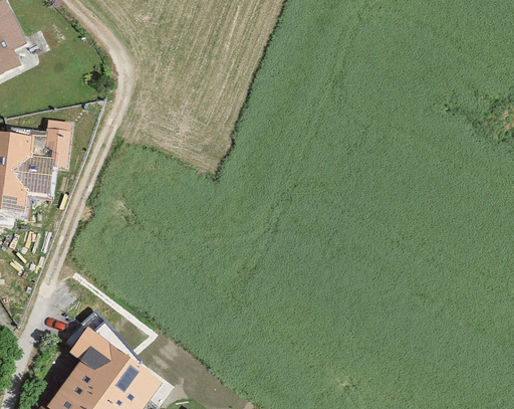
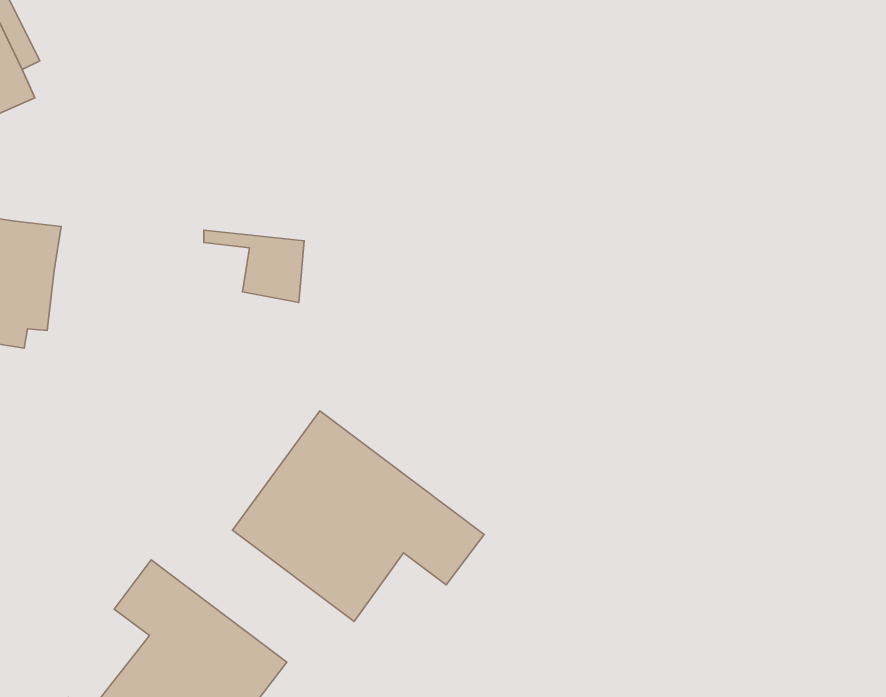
building: [10,127,67,168] -> [204,230,304,303]
building: none -> [232,411,484,622]

